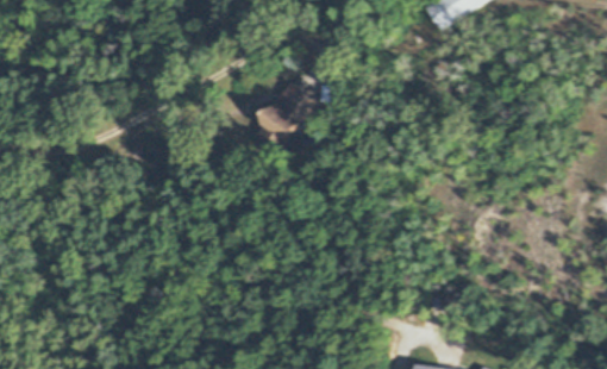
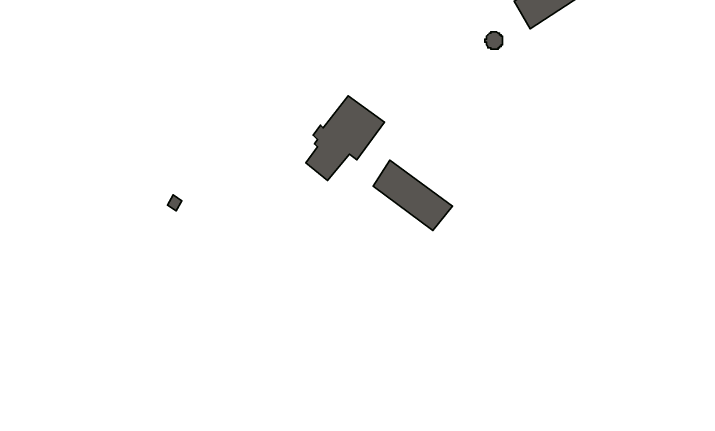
building: none -> [373,160,453,230]

